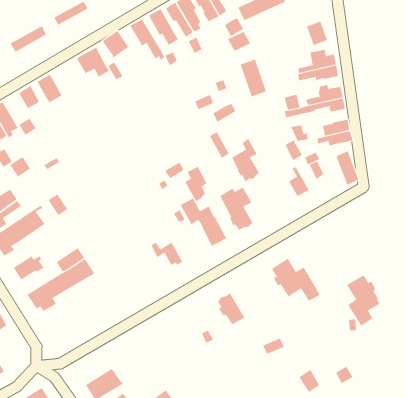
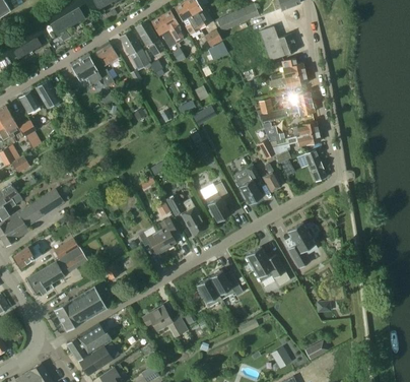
building: [240,59,267,97] -> [260,25,284,60]
building: [232,138,260,182] -> [236,165,262,204]
building: [184,166,207,202] -> [157,217,178,250]
building: [346,275,380,326] -> [287,221,318,268]
building: none -> [210,270,245,300]
building: none -> [54,285,107,330]
building: none -> [143,305,187,335]
building: none -> [67,323,113,361]

